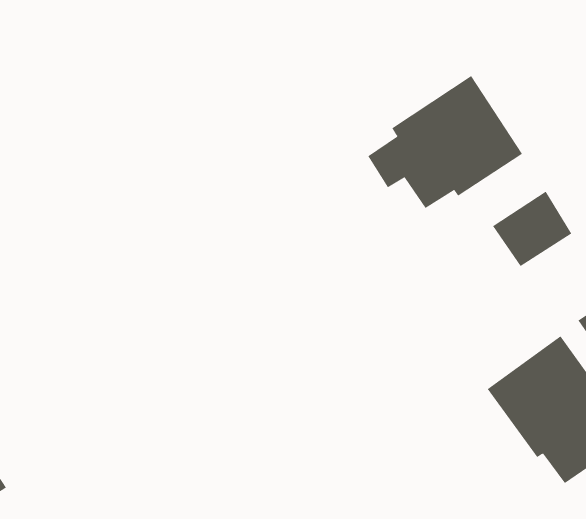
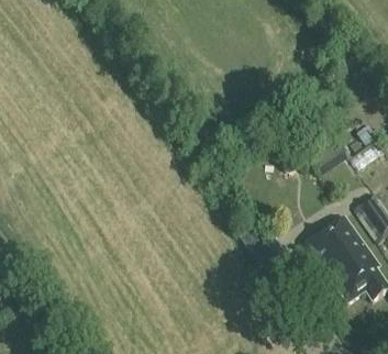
building: [367,75,523,209] -> none

